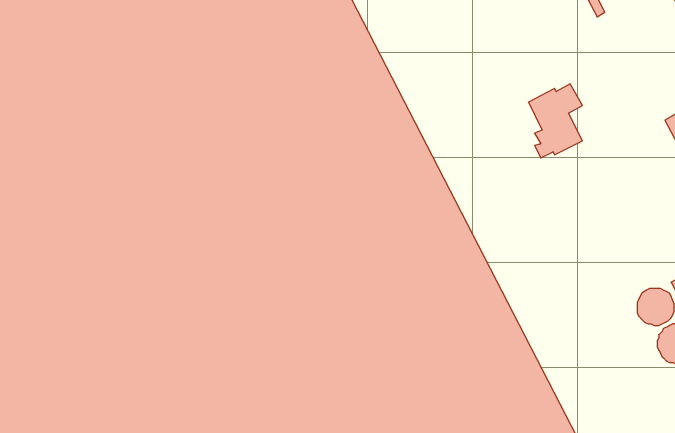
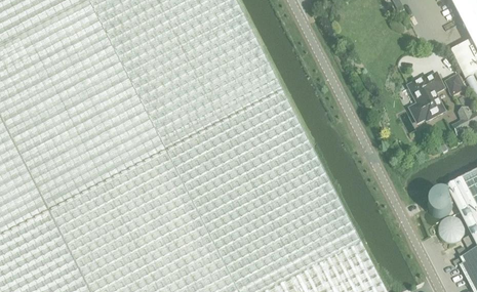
building: [528,84,582,158] -> [408,75,444,124]

